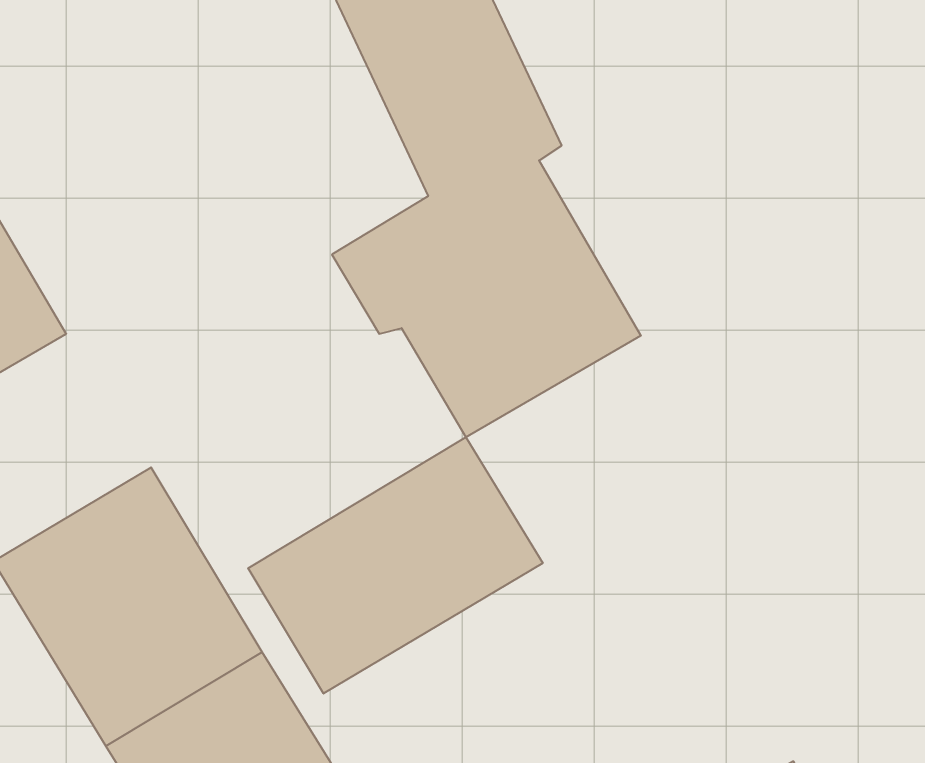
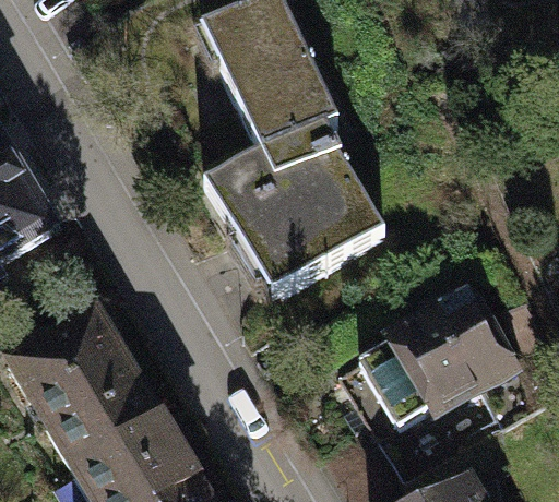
building: [248,437,543,694] -> none
building: none -> [359,295,511,426]

